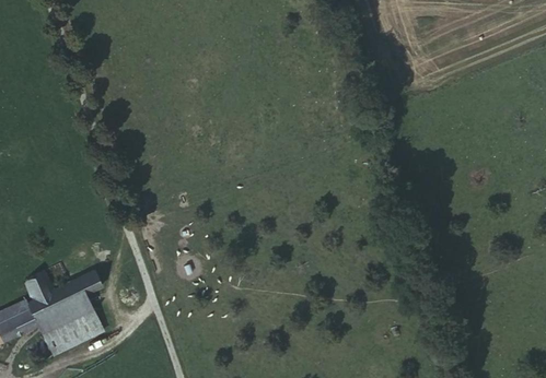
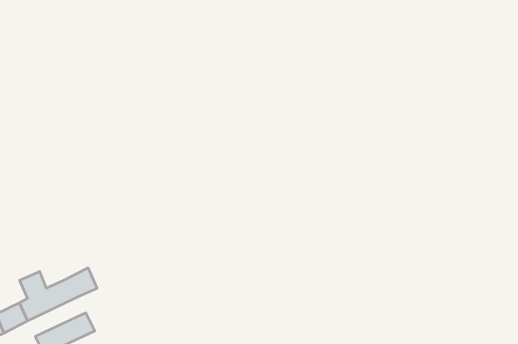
building: [37,295,94,334] -> none

